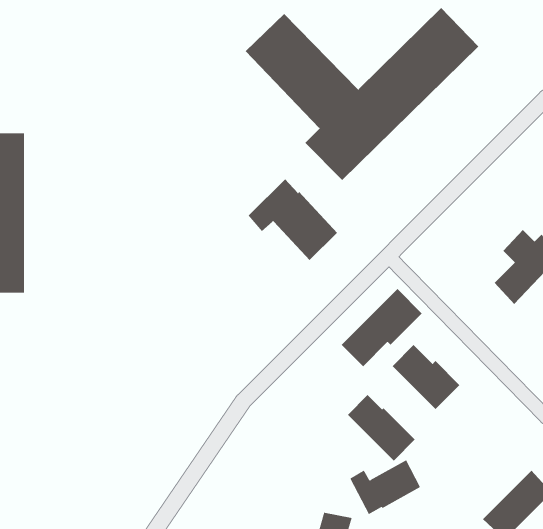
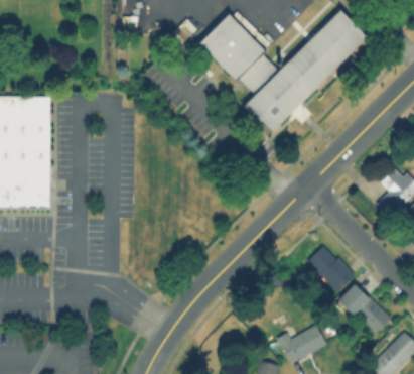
building: [248,179,338,261] -> none
building: [341,288,423,367] -> none
building: [347,394,416,461] -> [342,284,390,331]

